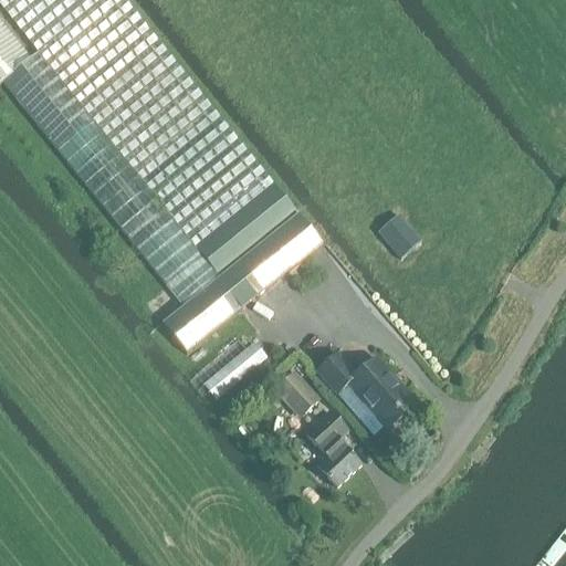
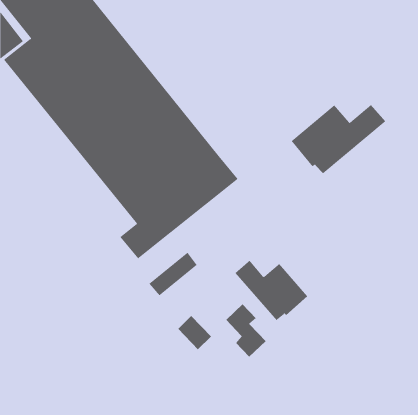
building: none -> [291,104,386,174]
building: [378,211,420,254] -> none
building: [272,368,318,416] -> [177,315,212,350]

